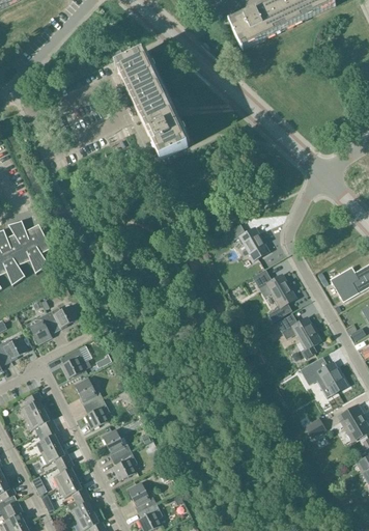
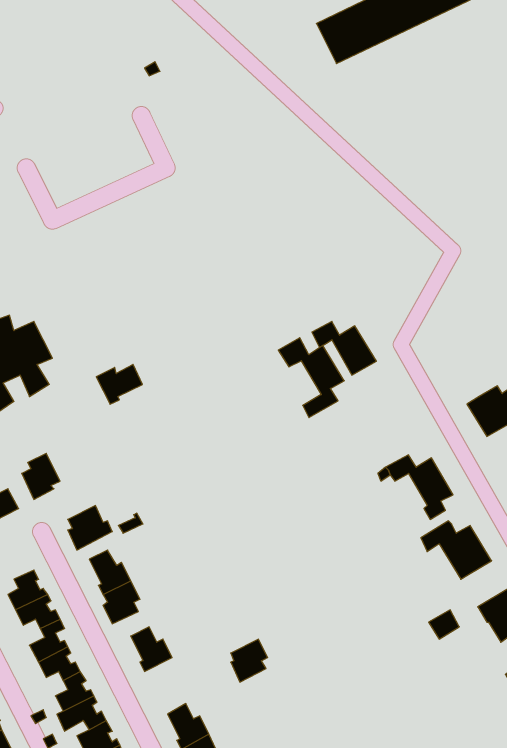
building: [114,53,187,160] -> none
building: [251,269,295,323] -> [278,338,344,418]
building: [46,305,77,332] -> [96,364,142,404]
building: [112,451,137,480] -> [231,639,268,682]

